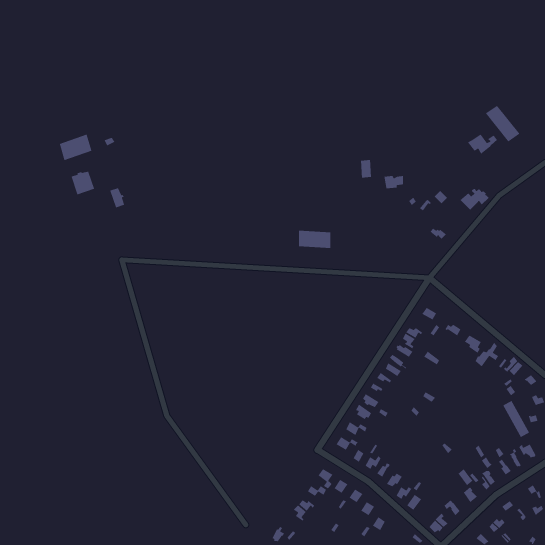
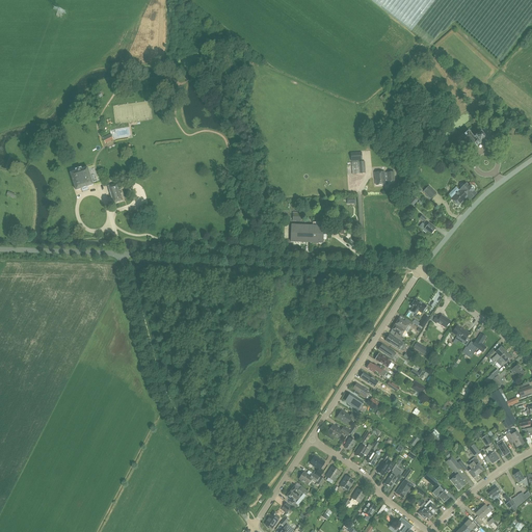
building: [485,105,521,142] -> none
building: [59,134,92,161] -> none

